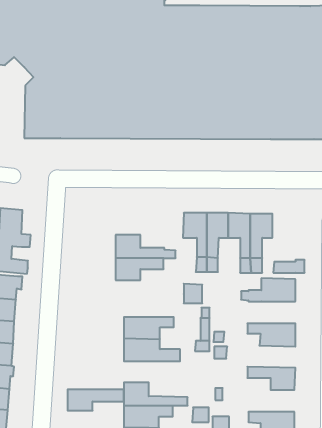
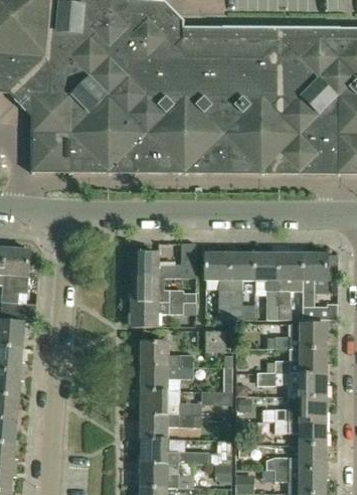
building: none -> [131,242,194,277]
building: none -> [302,254,328,306]
building: none -> [140,340,194,366]
building: none -> [275,349,327,373]
building: none -> [275,397,327,422]
building: [68,389,124,411] -> [140,415,201,438]
building: none -> [266,446,326,470]

